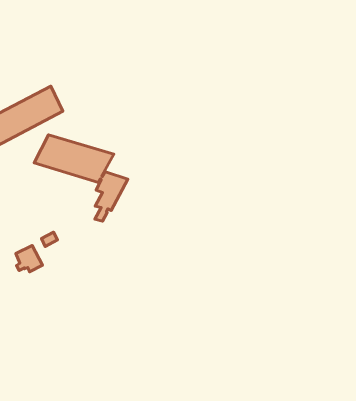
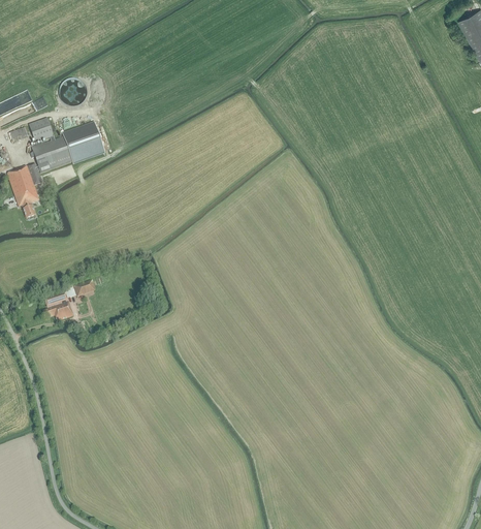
building: [34,135,128,221] -> none

